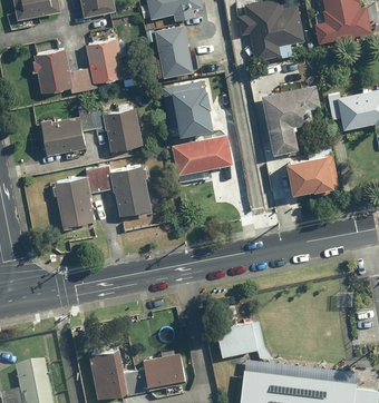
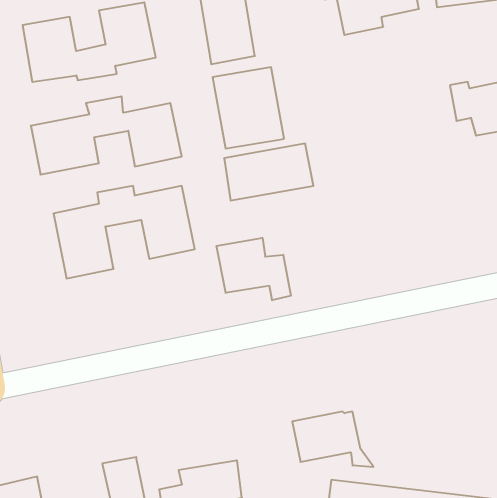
building: [261,82,320,155] -> none
building: [286,145,332,194] -> none
building: none -> [216,238,291,300]

